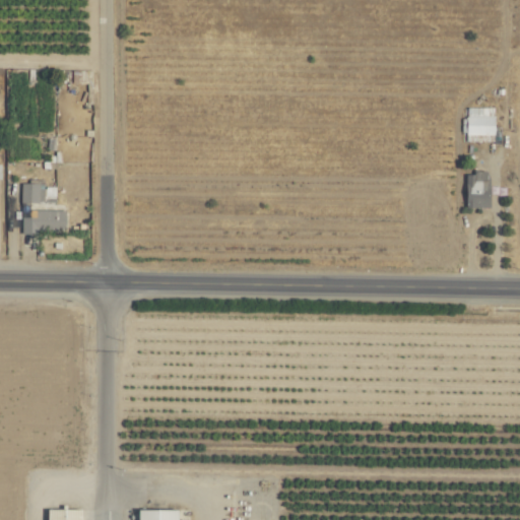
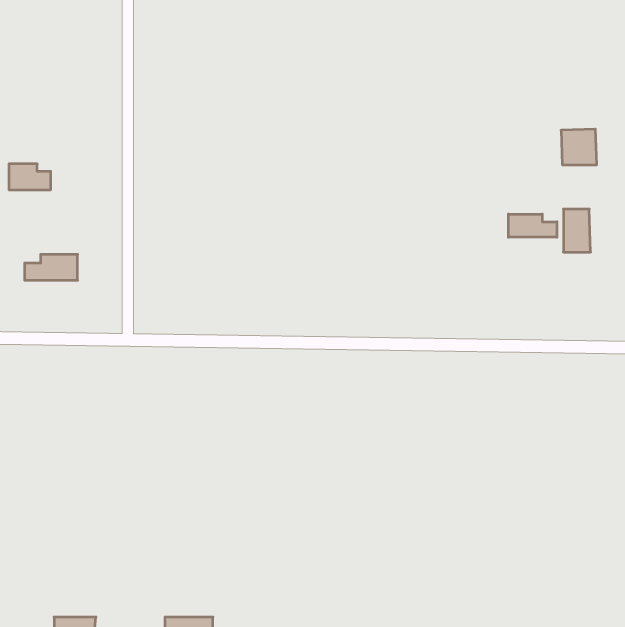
building: none -> [508,214,557,237]
building: [22,182,57,203] -> [9,164,51,190]

